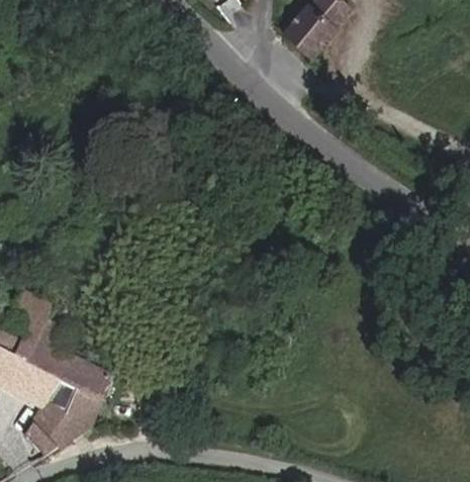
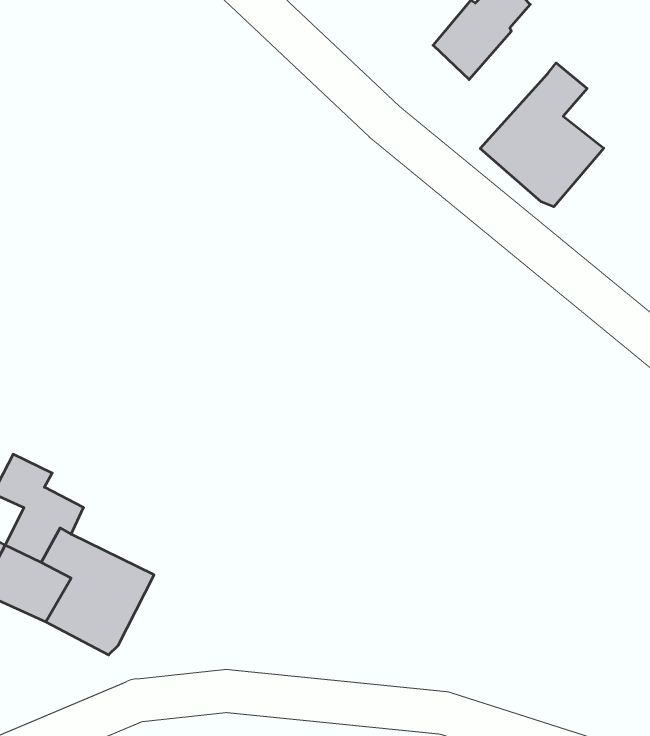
building: none -> [480,63,604,207]
building: [22,407,80,457] -> none

